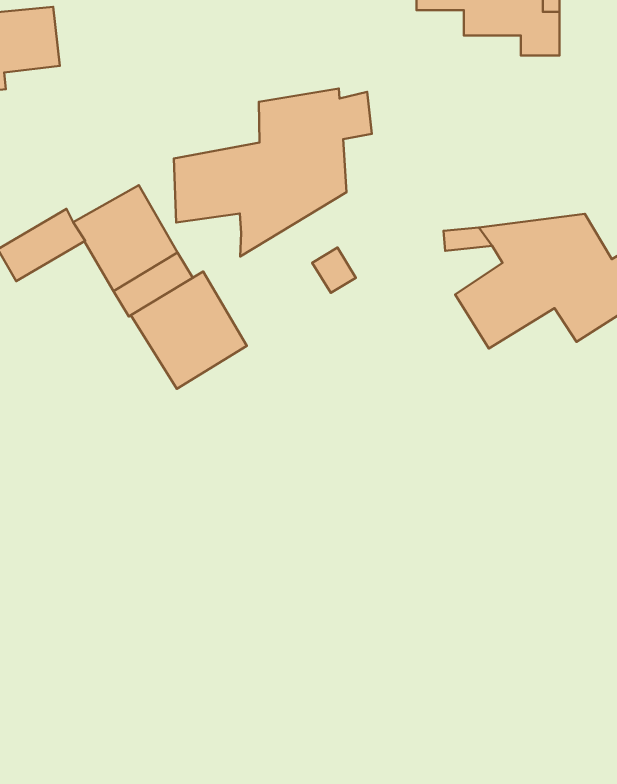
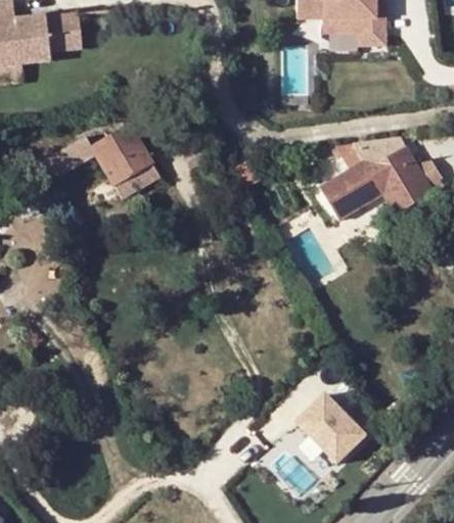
building: [174,88,372,257] -> none
building: [131,272,247,389] -> none
building: none -> [296,391,366,462]

